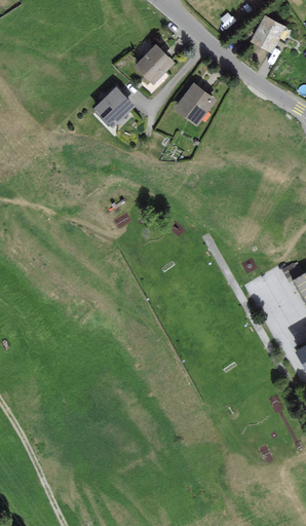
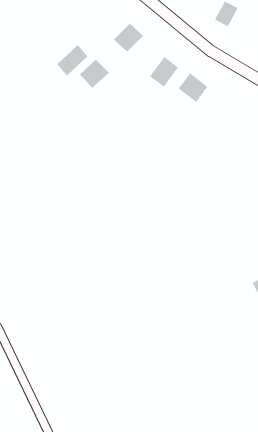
building: none -> [56,44,88,77]
building: none -> [178,72,208,103]

